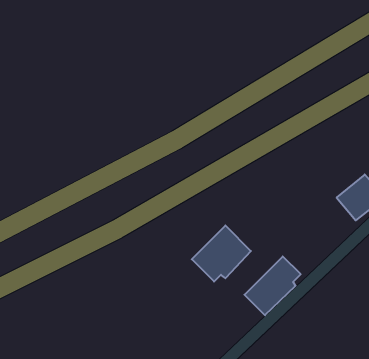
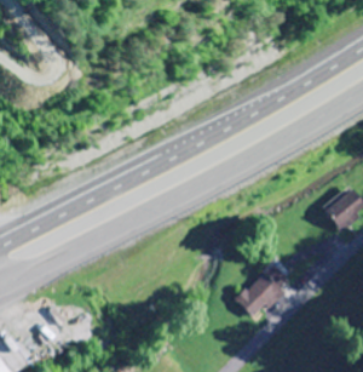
building: [192,225,251,282] -> none

